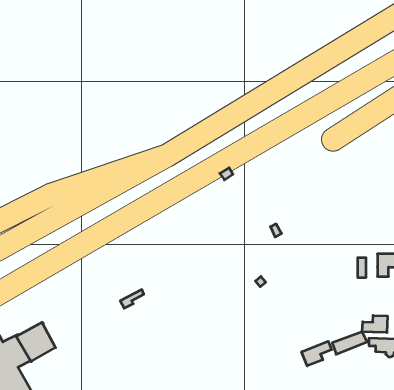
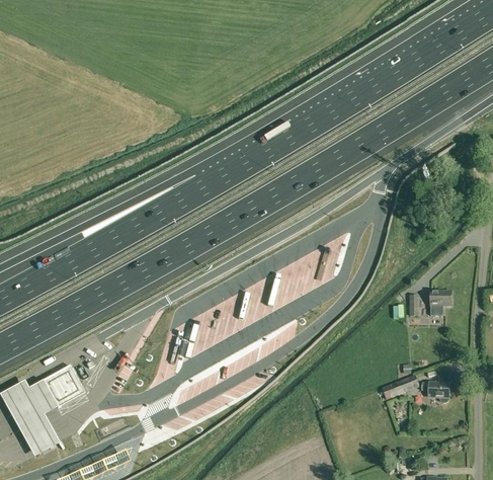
building: [362,315,387,333] -> none
building: [302,341,332,366] -> none

